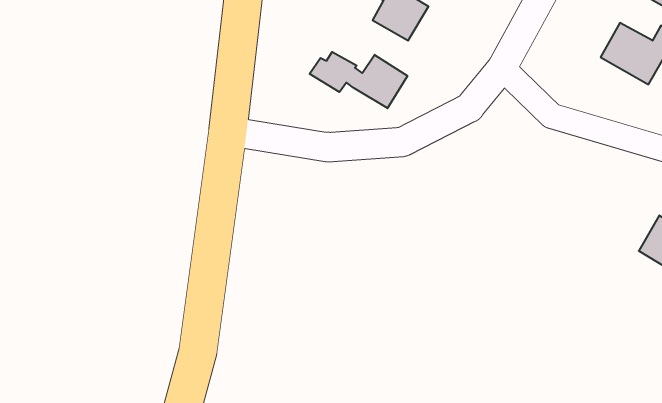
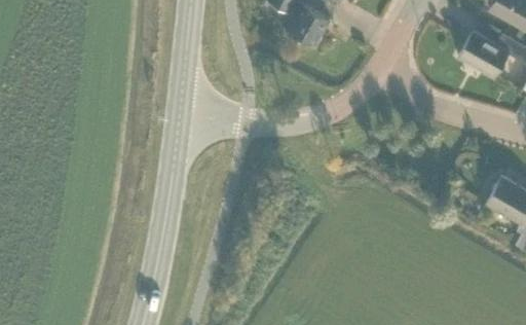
building: [310,52,407,108] -> none

